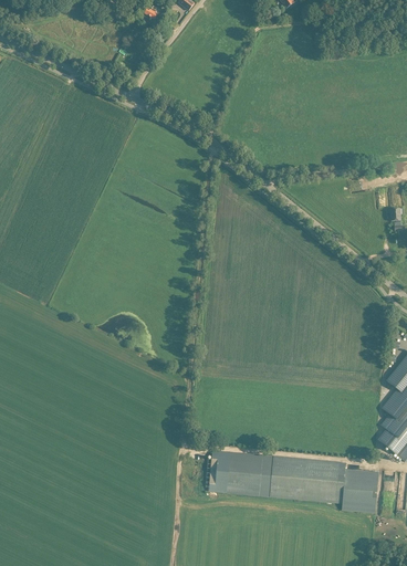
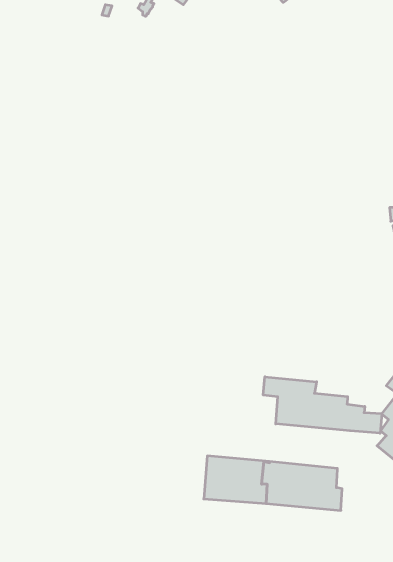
building: none -> [263,377,382,433]
building: [337,463,378,513] -> none

